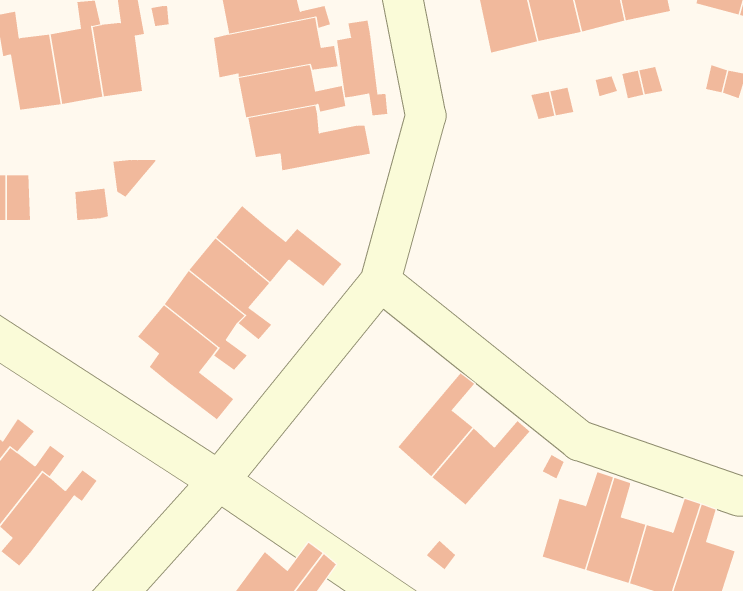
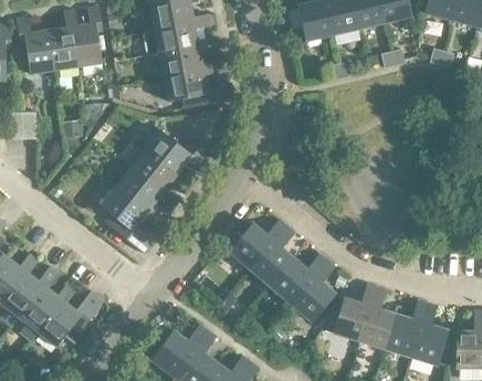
building: [336,20,388,116] -> none
building: none -> [230,219,287,269]
building: none -> [291,261,336,321]
building: none -> [38,289,106,346]

